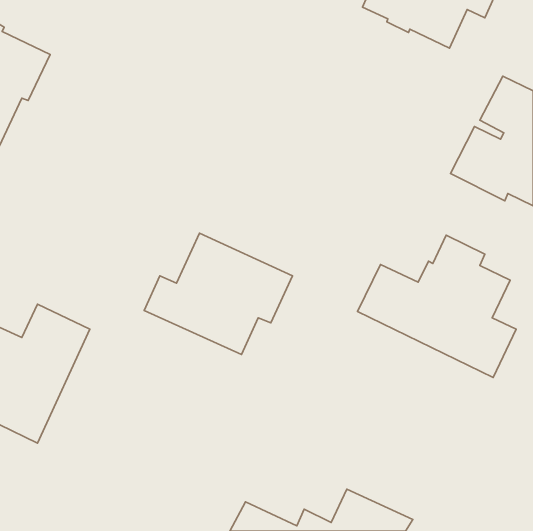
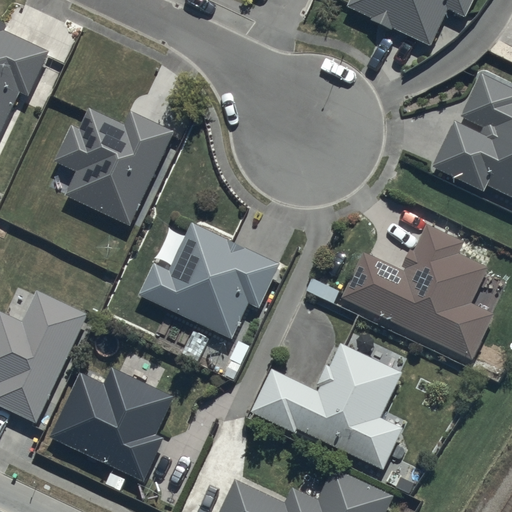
building: none -> [55,108,174,225]
building: none -> [250,344,403,471]
building: none -> [48,367,173,480]

